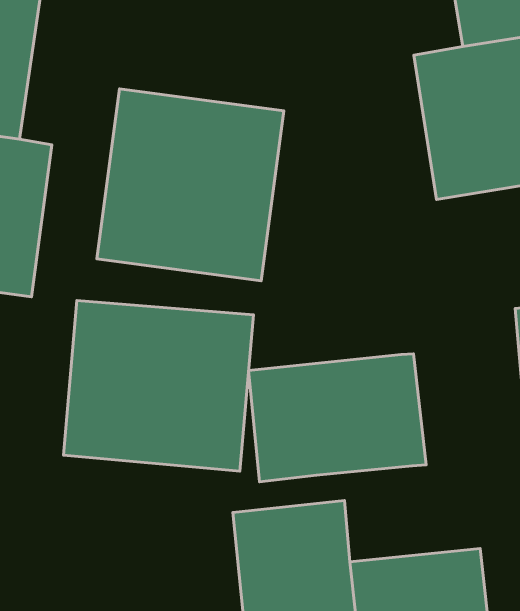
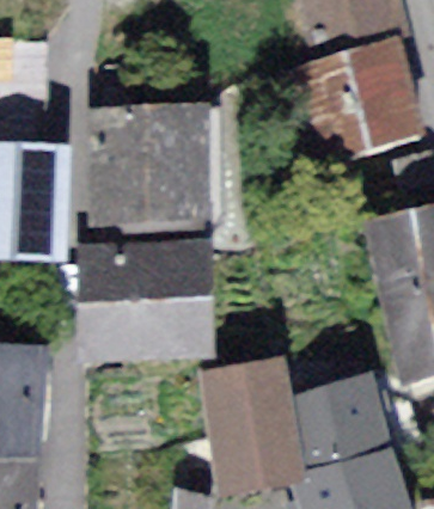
building: [248,354,426,482] -> none

